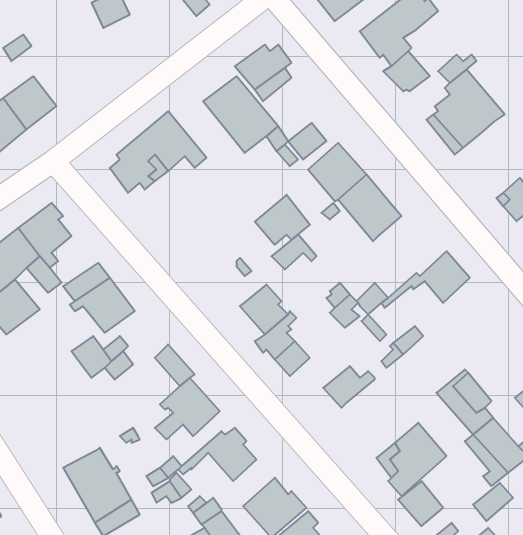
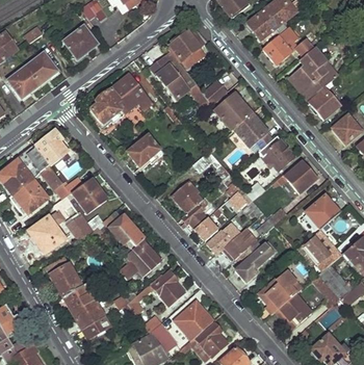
building: none -> [63,25,98,58]
building: none -> [309,80,339,120]
building: [255,195,310,245] -> [128,135,162,166]
building: none -> [259,136,294,167]
building: none -> [29,194,72,251]
building: none -> [306,195,342,229]
building: none -> [207,223,241,254]
building: none -> [235,241,277,283]
building: none -> [46,255,82,296]

